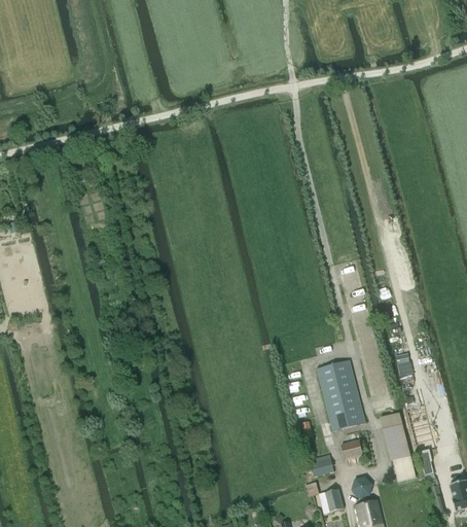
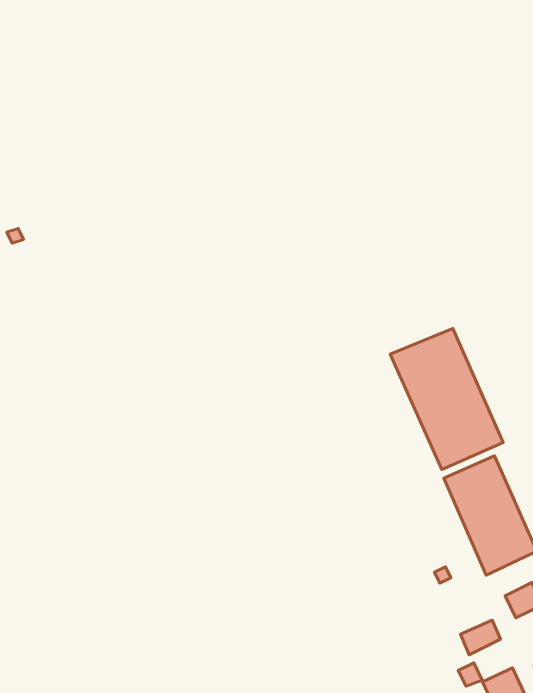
building: none -> [390,329,503,470]

